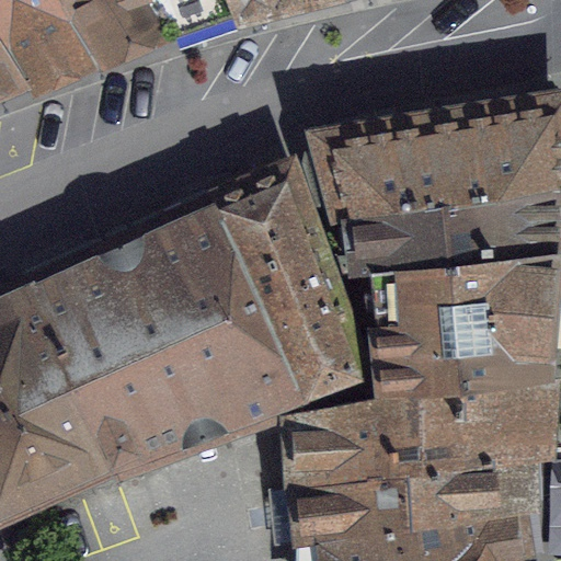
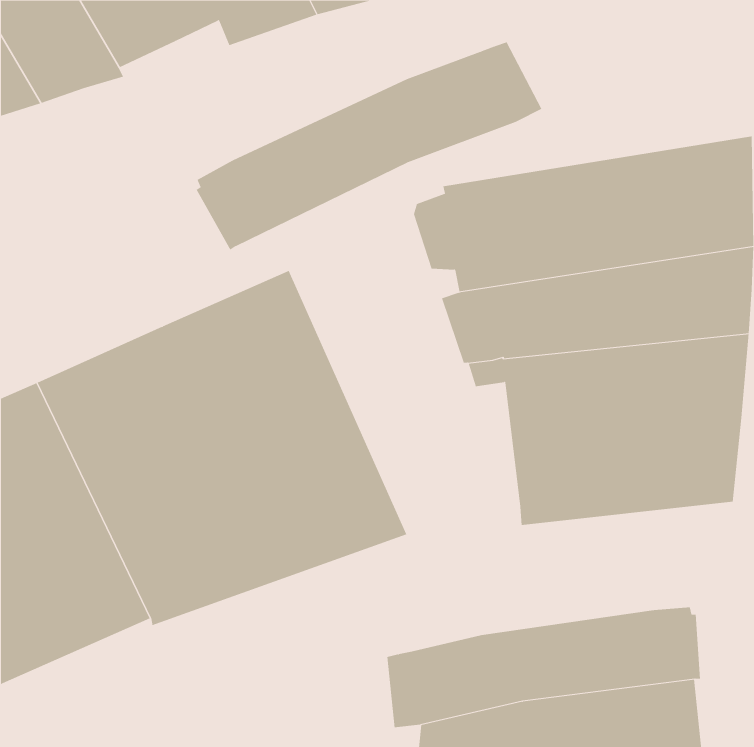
building: none -> [196,41,542,250]
building: [215,173,364,402] -> none
building: [293,378,545,491] -> none

